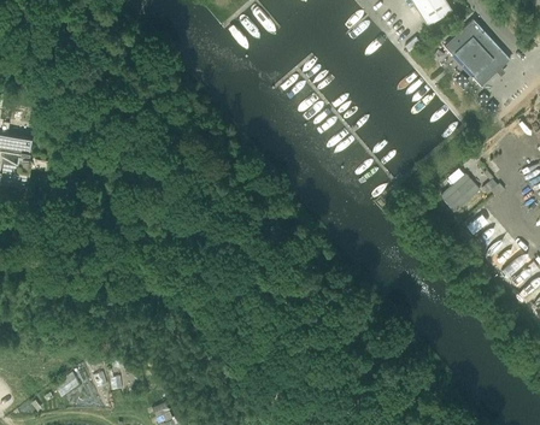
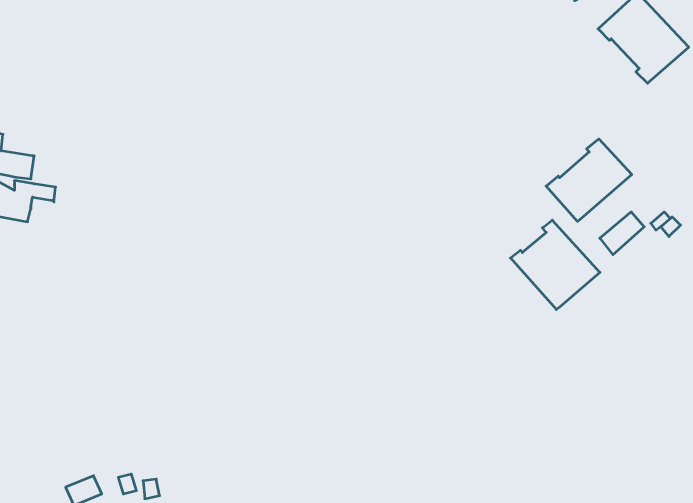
building: none -> [546,139,632,221]
building: none -> [510,220,600,310]

